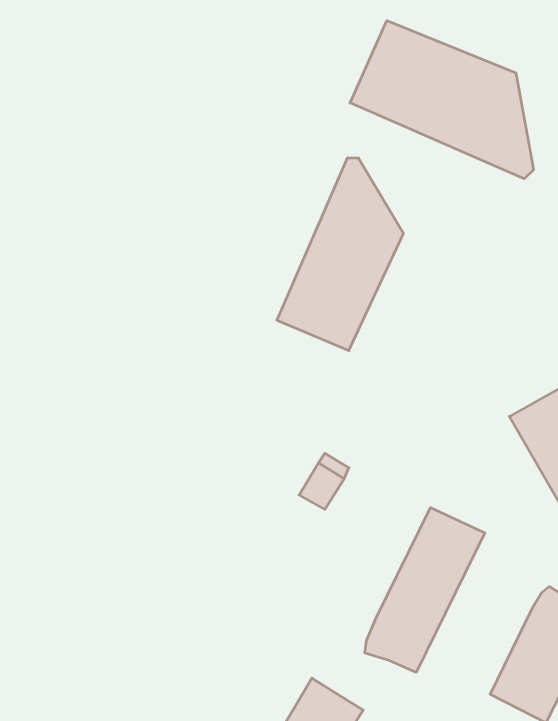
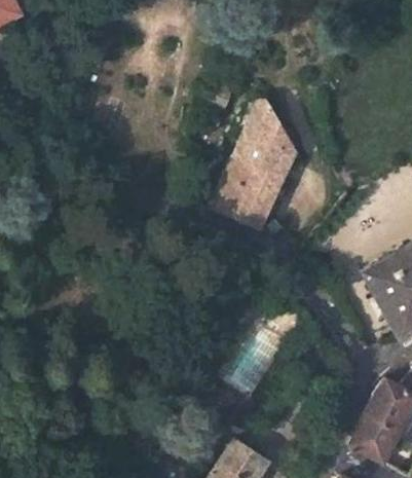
building: [350,21,533,179] -> none
building: [365,508,485,672] -> none

